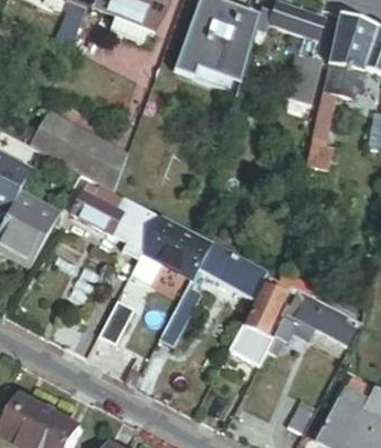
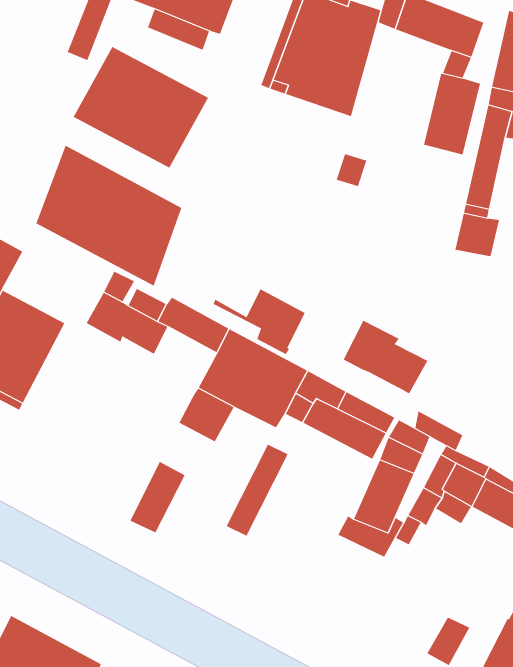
building: none -> [73,46,209,169]
building: none -> [343,320,428,395]
building: [94,215,152,257] -> [213,288,305,355]

